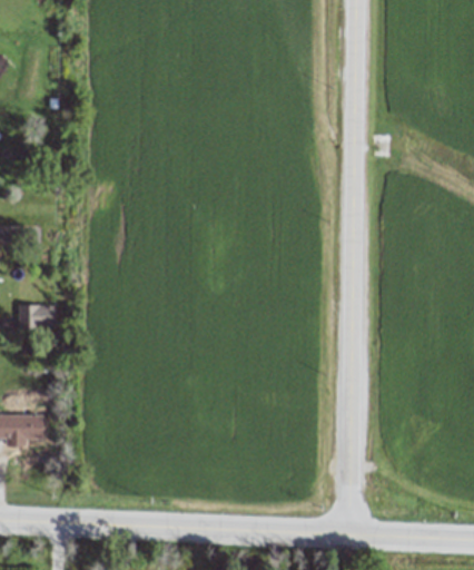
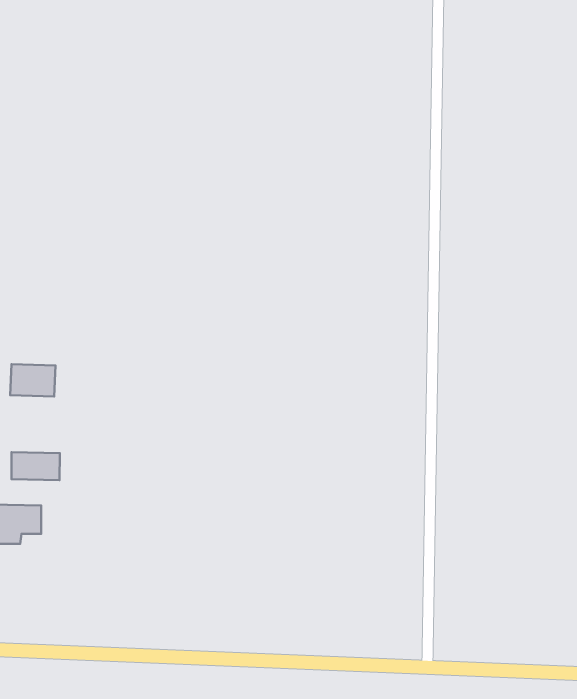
building: none -> [11,452,60,480]

